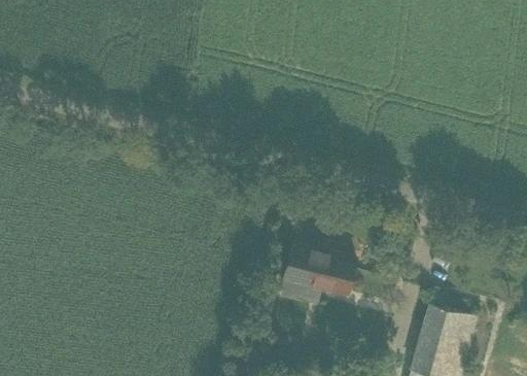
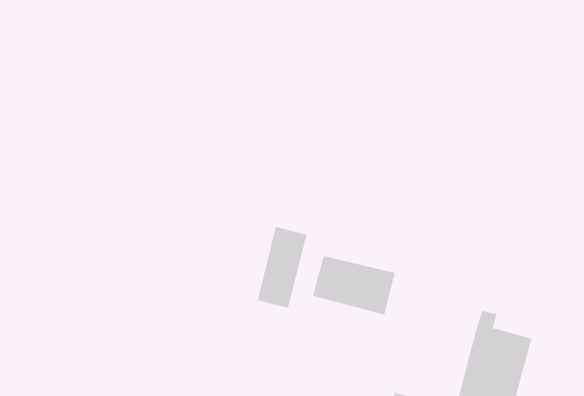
building: none -> [257,226,307,308]

